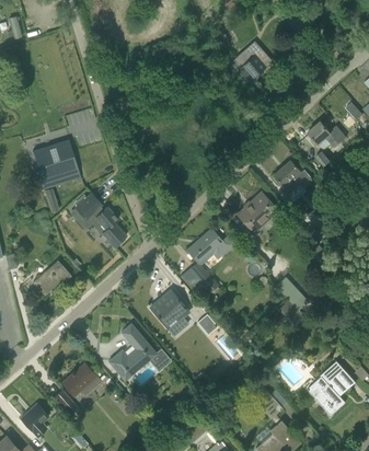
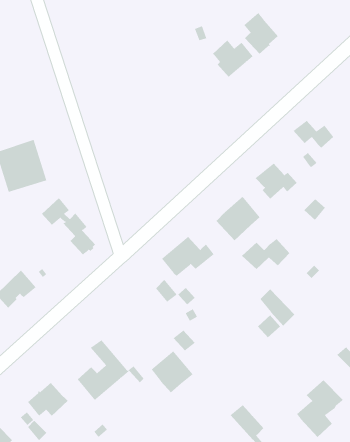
building: none -> [243,12,279,55]
building: none -> [241,238,290,270]
building: [150,290,189,329] -> [151,351,194,393]

